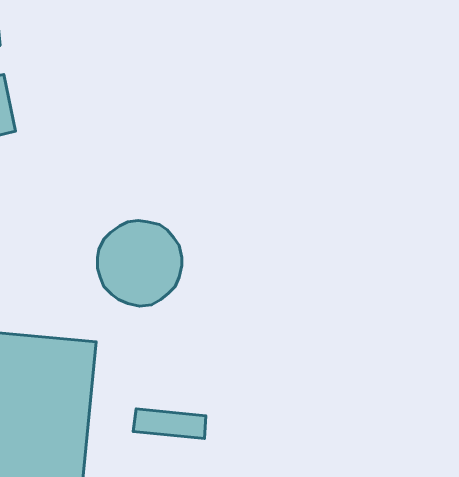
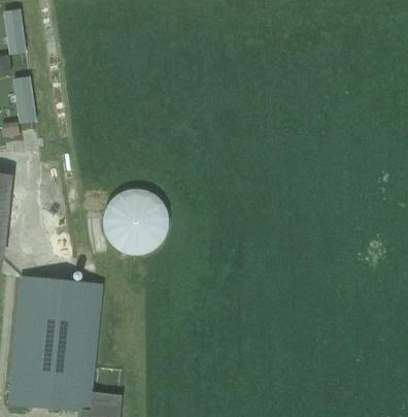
building: [133,409,206,438] -> none

